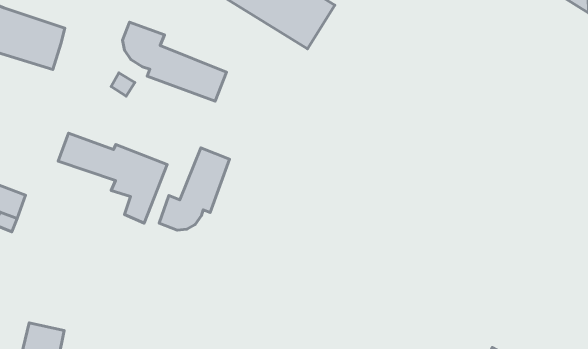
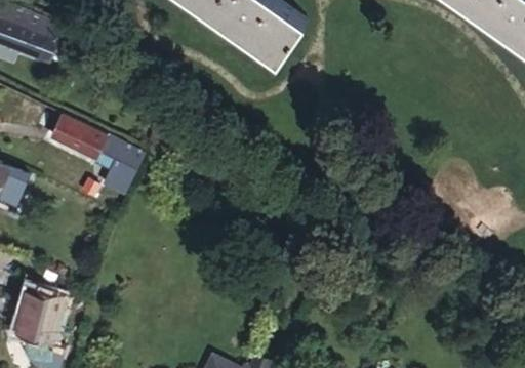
building: [122,22,227,101] -> none
building: [159,148,230,230] -> none

